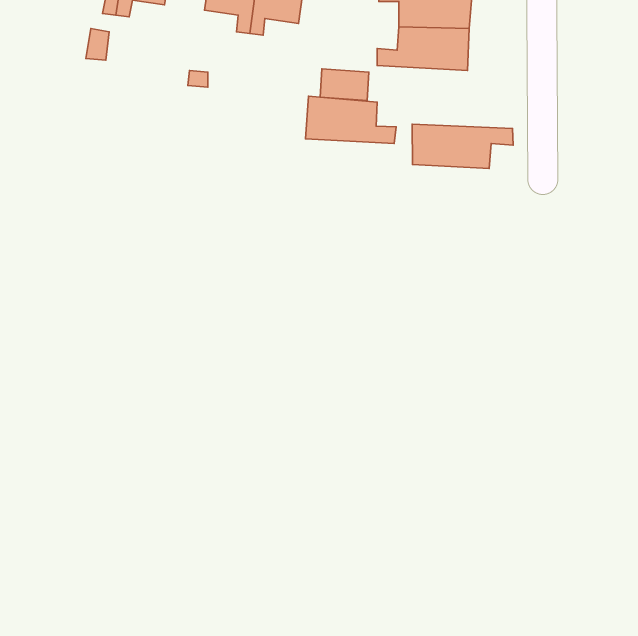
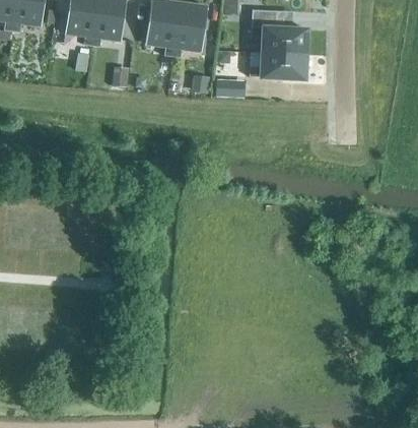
building: [306,96,396,144] -> none
building: [412,124,513,168] -> none

